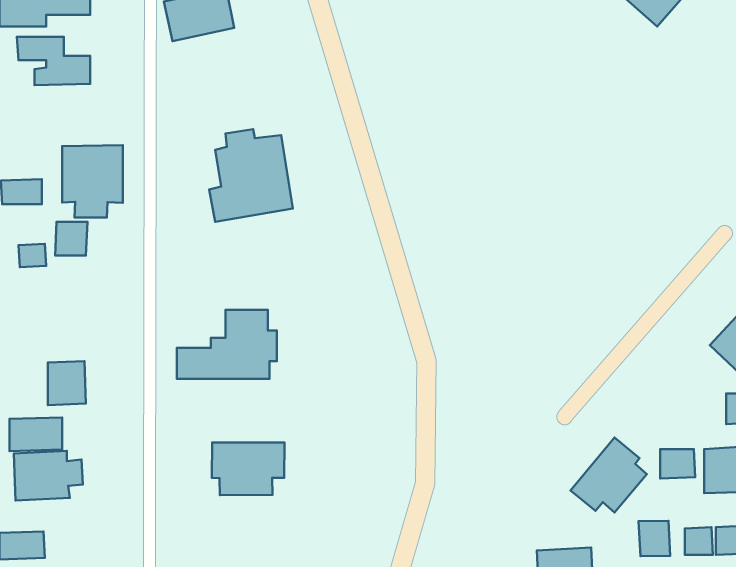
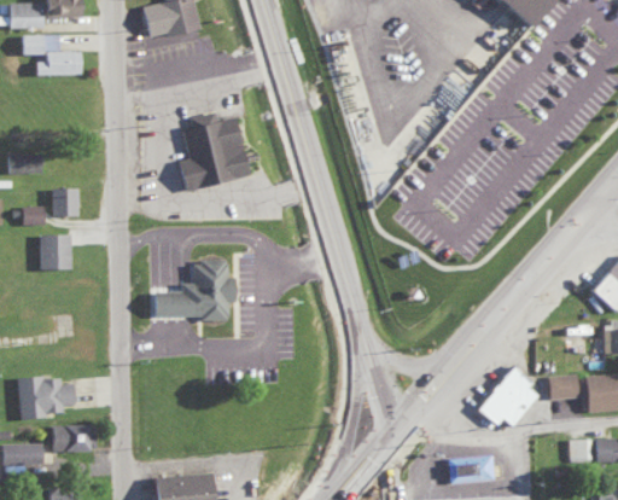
building: [62,145,123,218] -> none
building: [48,361,86,405] -> [40,233,71,269]
building: [9,417,62,451] -> [52,424,95,452]
building: [212,442,284,495] -> none
building: [639,521,670,556] -> none

